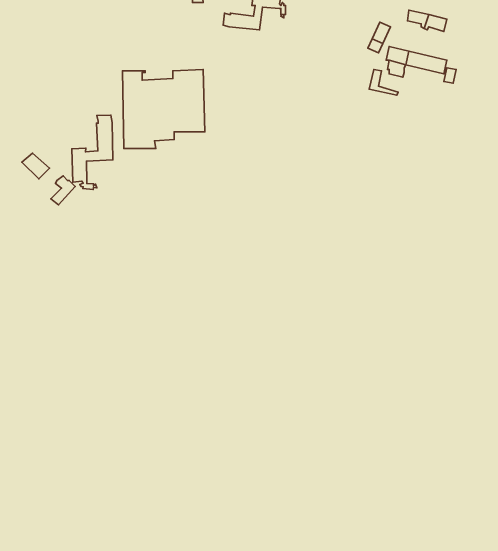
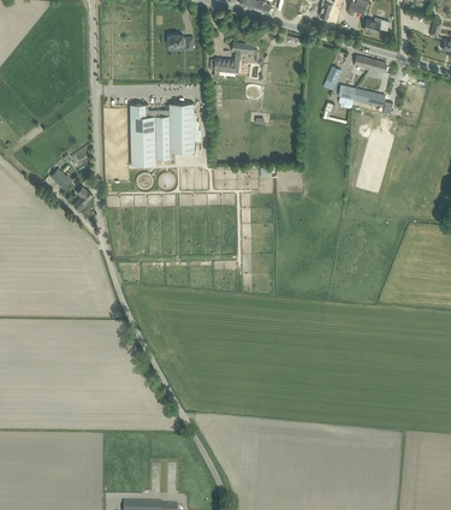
building: [72,115,113,189] -> none

